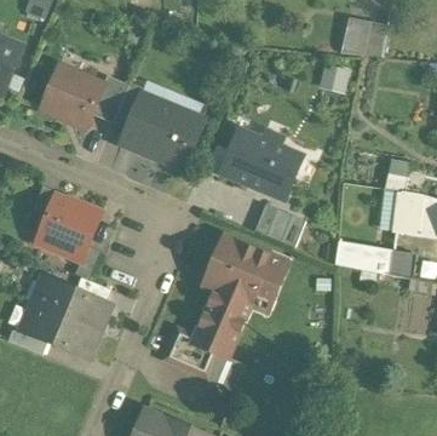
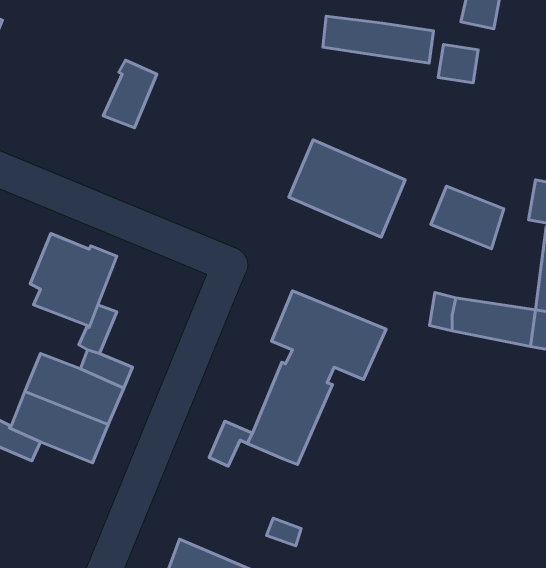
building: none -> [323,16,434,63]
building: [41,64,105,126] -> none
building: [122,92,205,167] -> none
building: [255,202,306,246] -> [431,186,504,249]
building: [177,339,218,377] -> none

